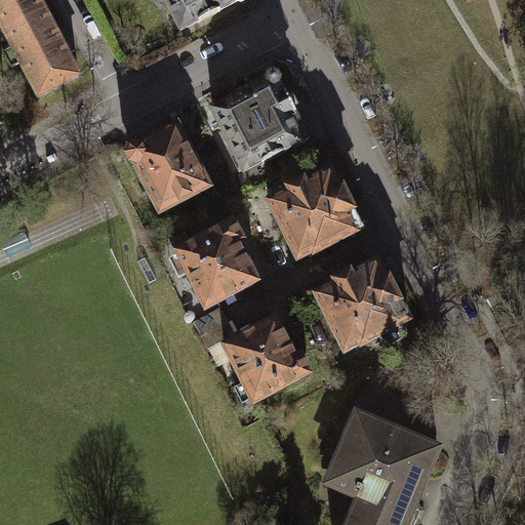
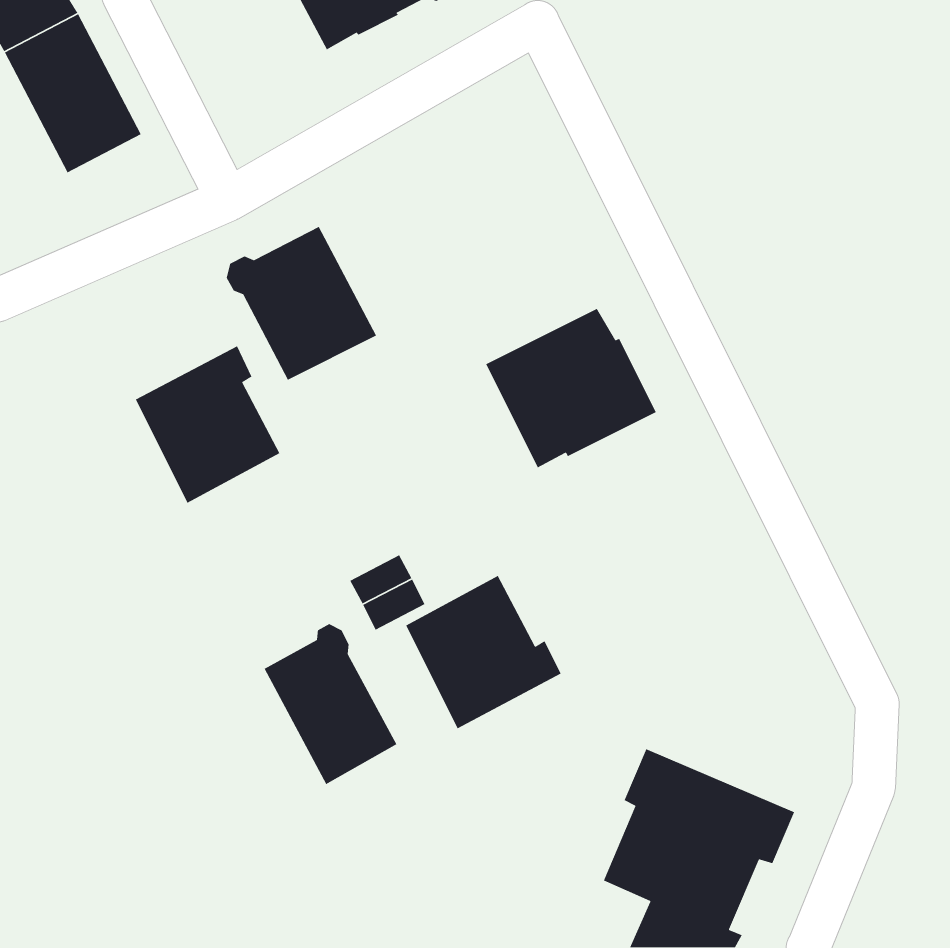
building: [211,71,306,169] -> none
building: [175,219,255,307] -> [135,345,280,504]
building: [313,259,408,349] -> none
building: none -> [263,623,397,785]

